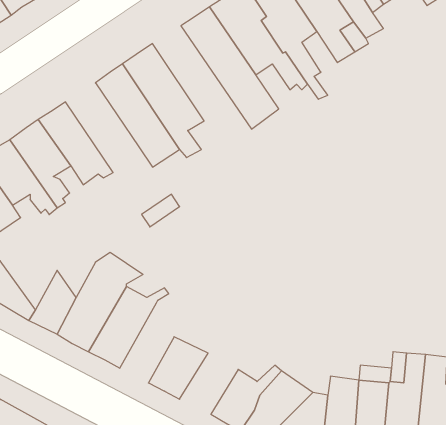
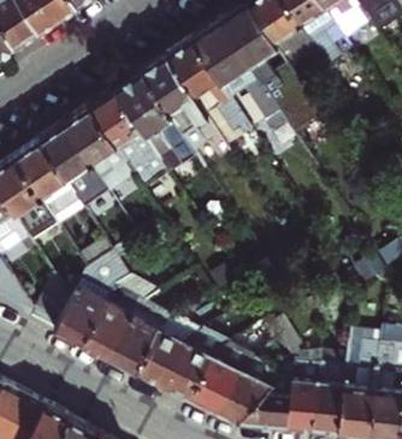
building: none -> [138,53,229,154]
building: none -> [61,103,126,183]
building: none -> [110,298,178,369]
building: none -> [162,330,220,397]

